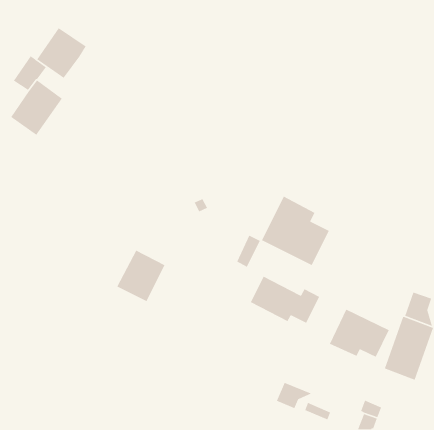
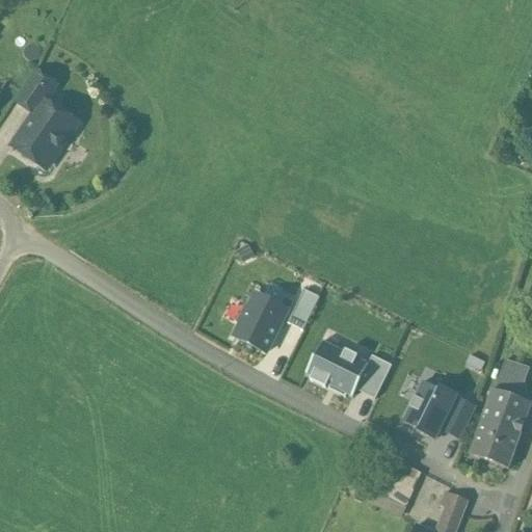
building: [36,27,86,79] -> none
building: [261,195,330,266] -> none
building: [116,249,166,302] -> [231,288,291,352]
building: [276,382,313,409] -> none

